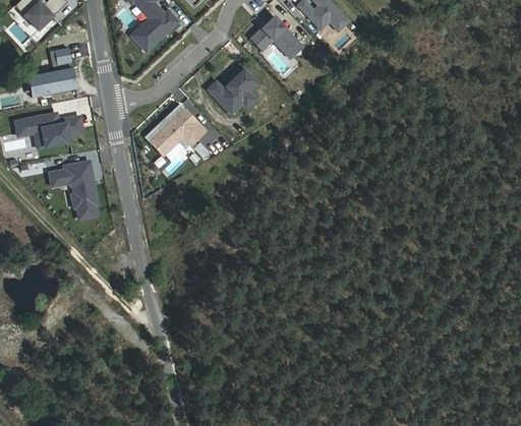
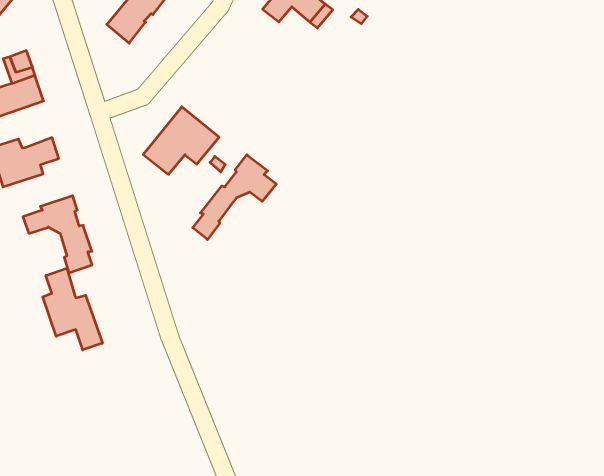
building: [209,66,256,113] -> none
building: none -> [193,155,276,240]
building: none -> [43,268,102,350]

